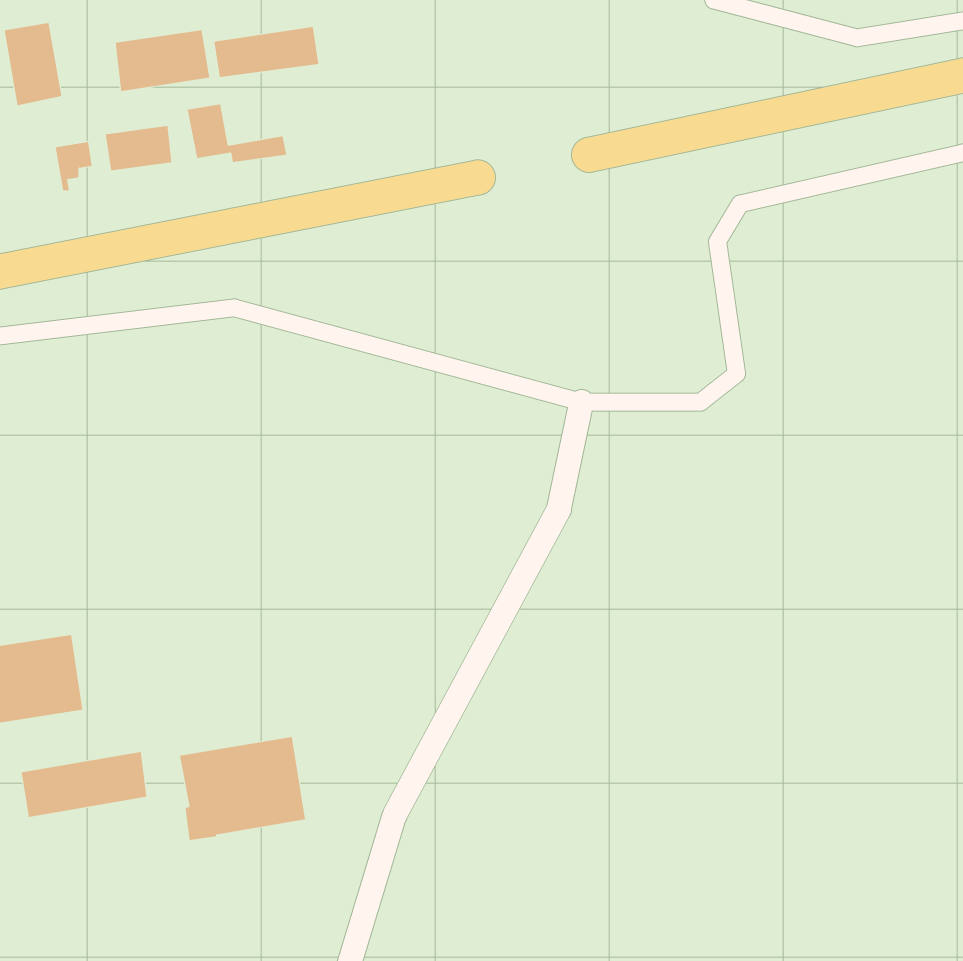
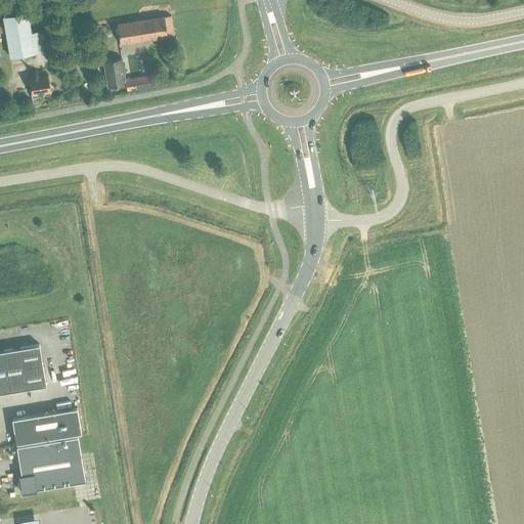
building: [115,29,210,92] -> none
building: [105,125,172,171] -> none
building: [179,737,306,840] -> [15,438,84,494]

